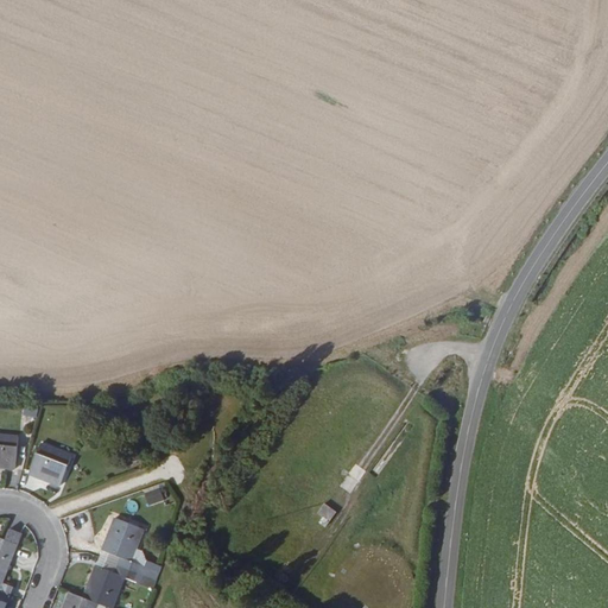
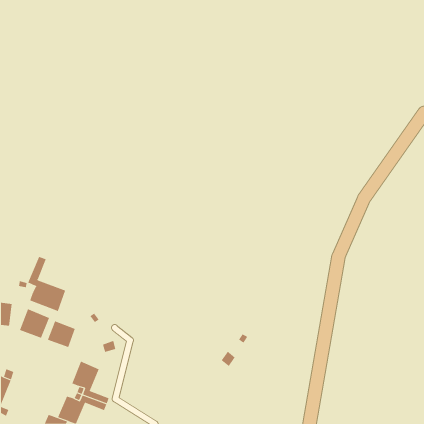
building: none -> [27,256,66,312]
building: none -> [47,320,75,348]

